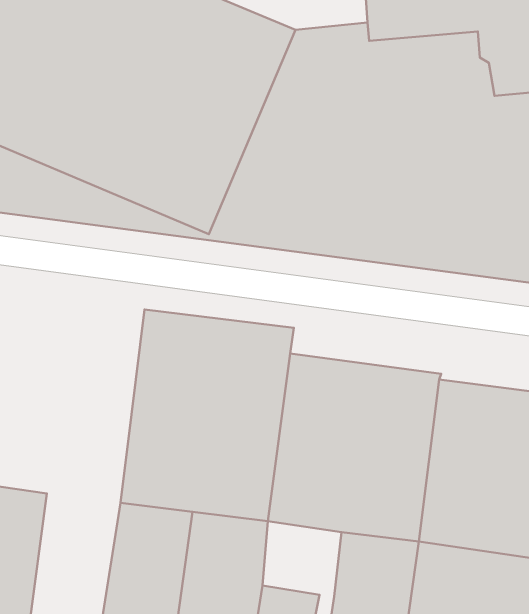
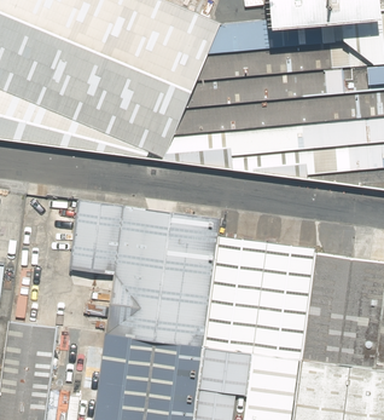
building: none -> [69,201,122,276]
building: none -> [199,346,251,396]

